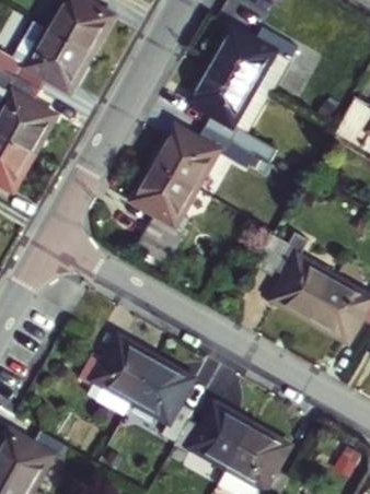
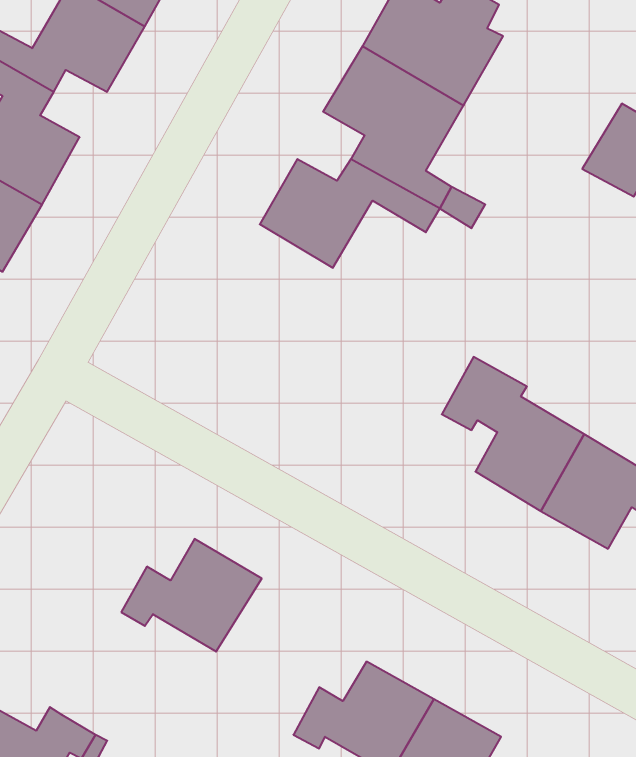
building: [132,163,195,261] -> none
building: [130,358,193,435] -> none

